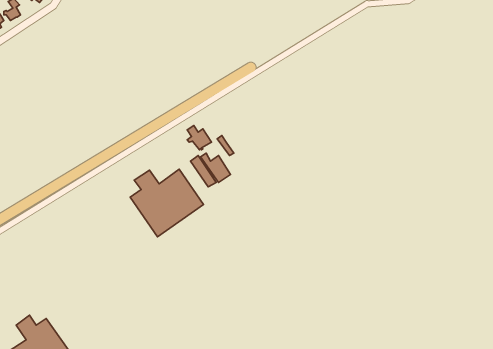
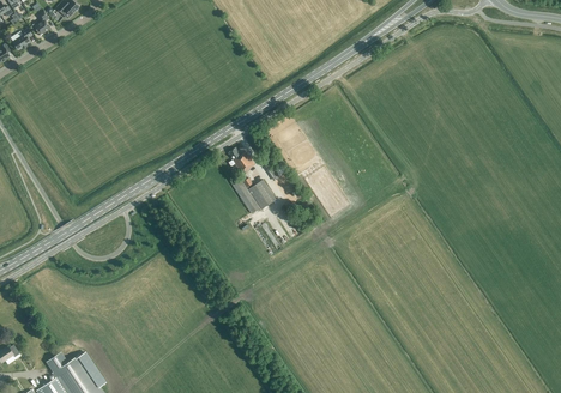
building: [130,169,204,237] -> none

